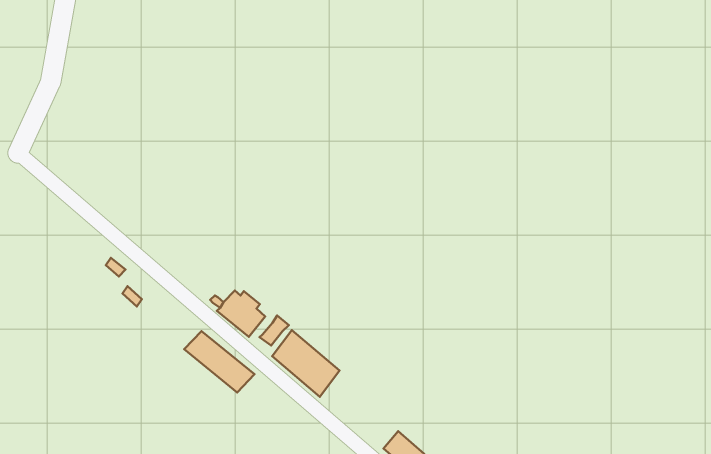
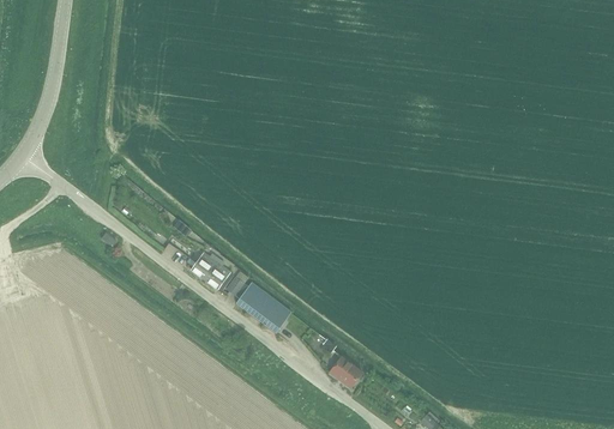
building: [184,331,255,392] -> none

